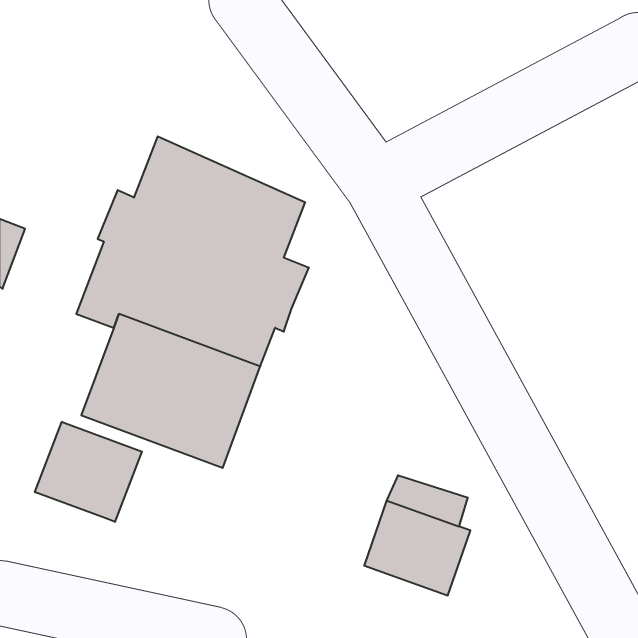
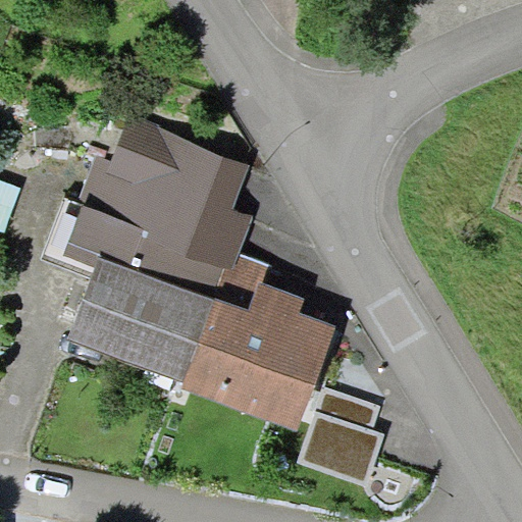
building: none -> [179,253,333,431]
building: [35,422,142,522] -> none

